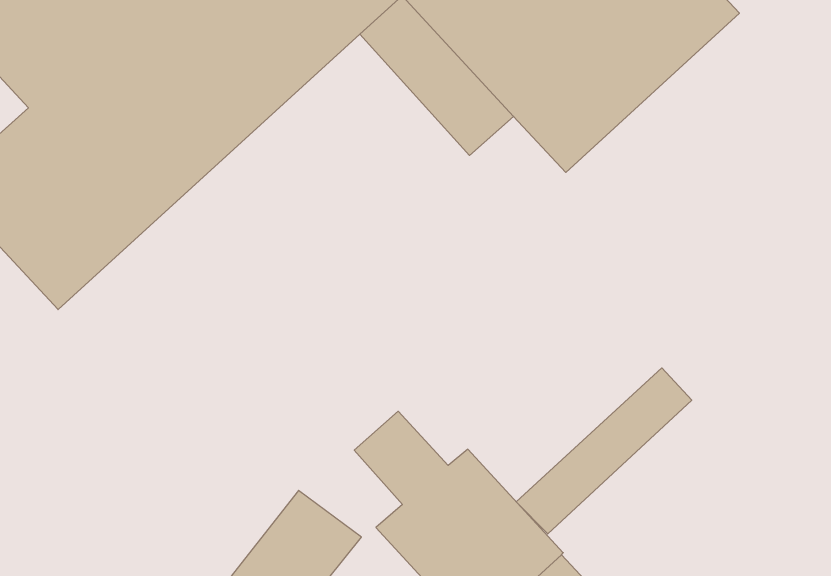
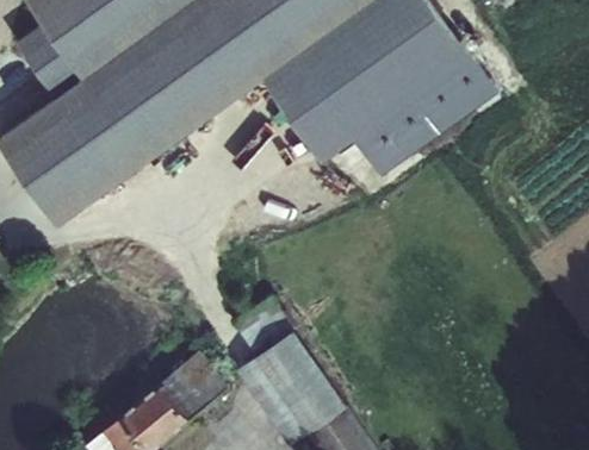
building: [516,368,692,534] -> none

